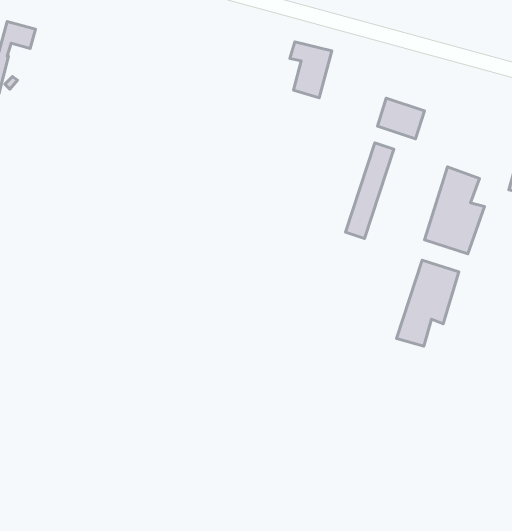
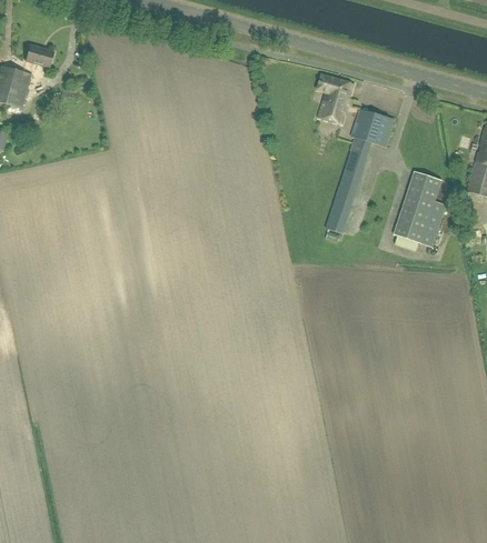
building: [290,42,332,98] -> [318,74,355,123]
building: [396,260,459,346] -> none

